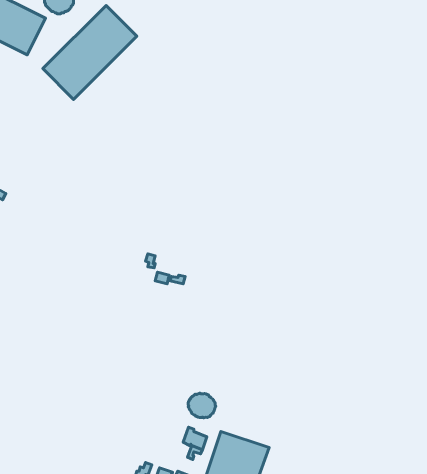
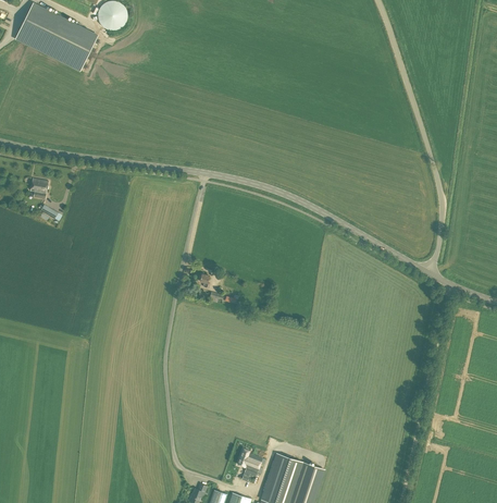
building: [43,5,137,99] -> none
building: [188,393,216,418] -> none

